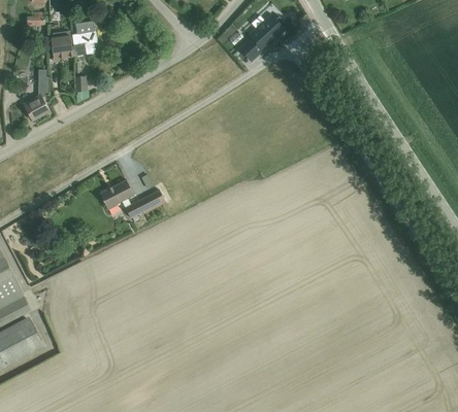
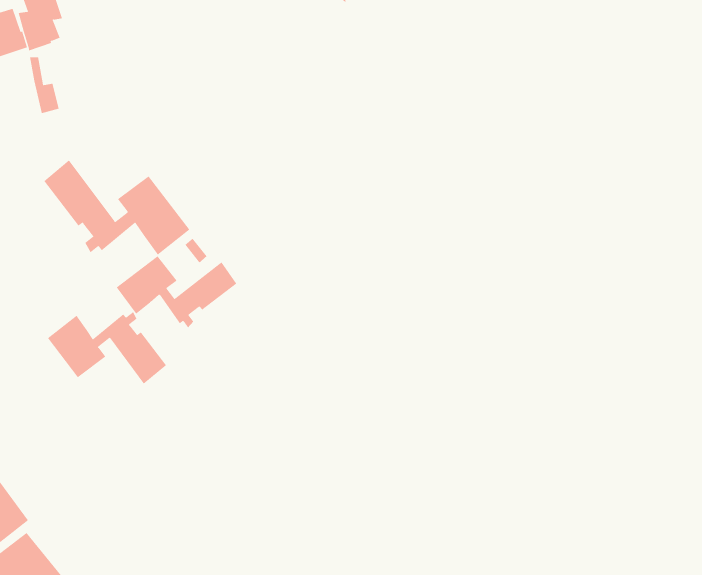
building: none -> [44,159,190,255]
building: none -> [47,311,167,384]

